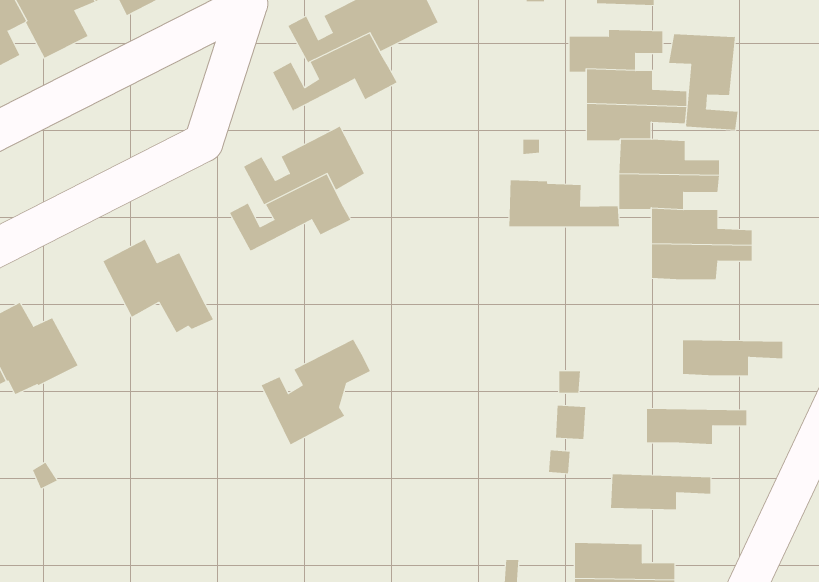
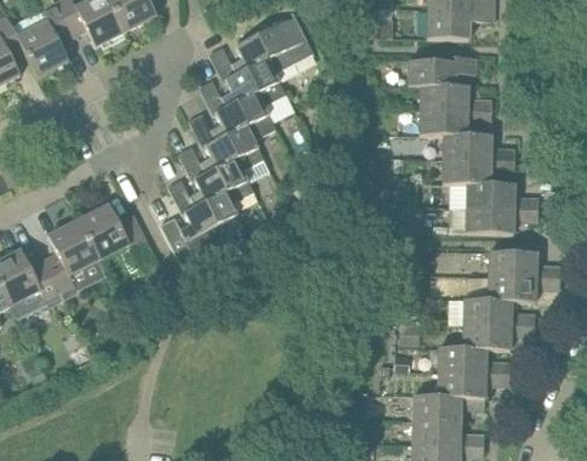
building: [669,34,738,130] -> none
building: none -> [188,91,268,147]
building: [509,179,619,227] -> none
building: none -> [42,220,98,294]
building: none -> [488,251,559,277]
building: [261,339,371,445] -> [160,190,238,266]
building: none -> [462,298,534,325]
building: none -> [438,347,509,372]
building: none -> [411,394,484,420]

